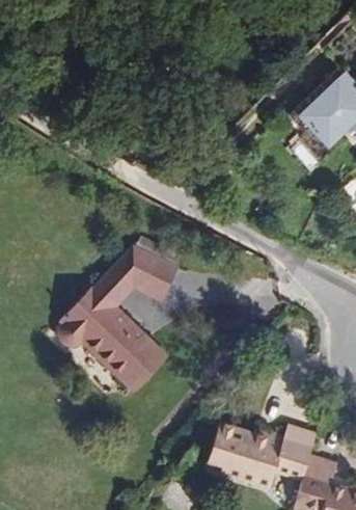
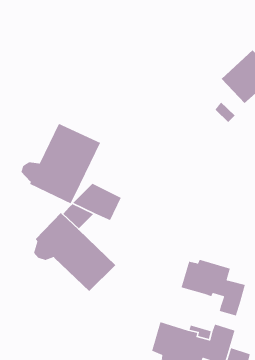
building: none -> [20,123,101,204]
building: none -> [180,259,246,317]

